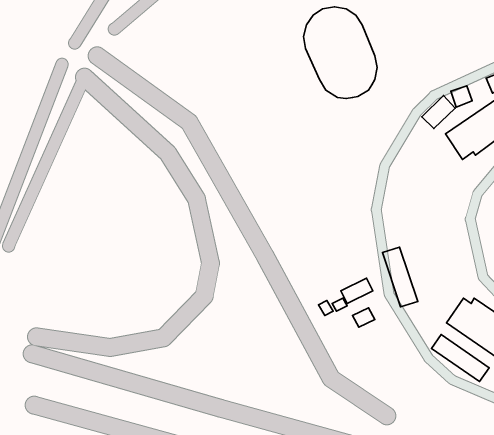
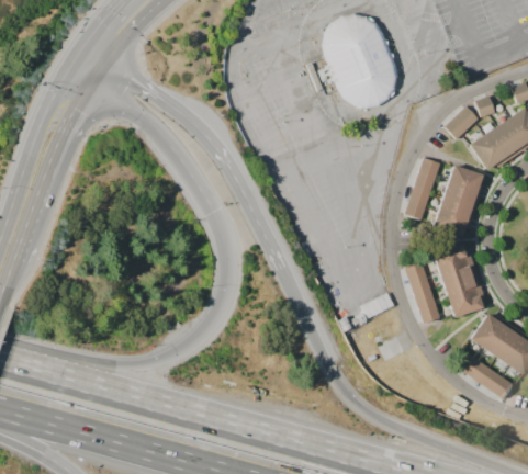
building: none -> [404,157,440,219]
building: none -> [431,165,485,237]
building: none -> [434,244,485,317]

